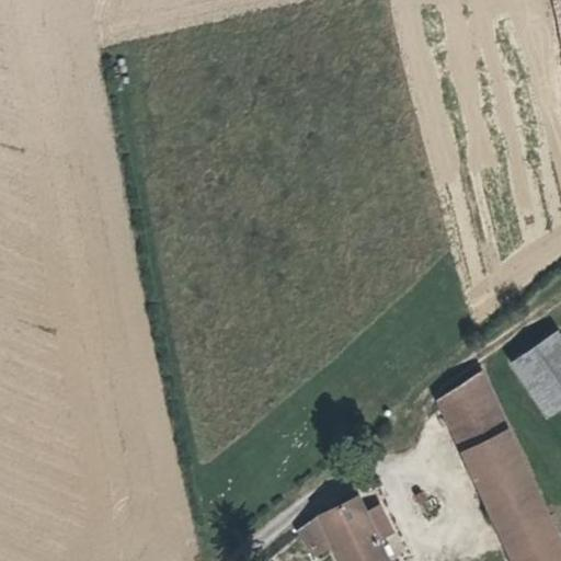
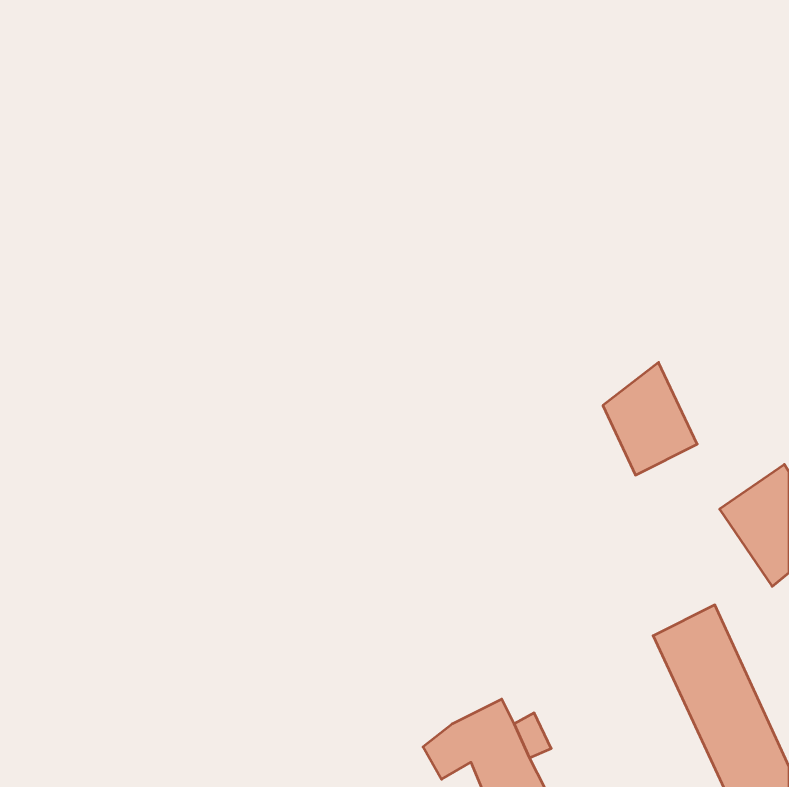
building: [440,373,507,453] -> [603,362,697,475]

